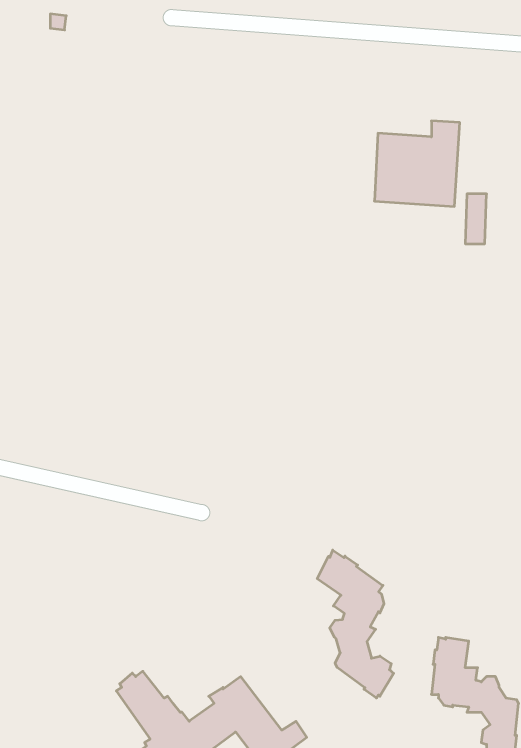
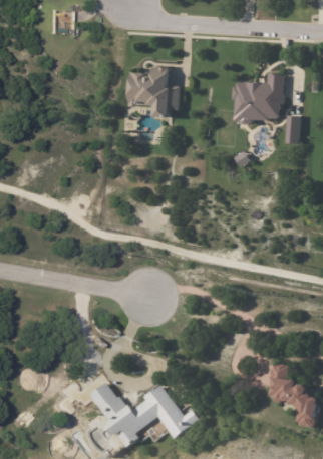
building: none -> [131,66,181,116]
building: [317,550,394,698] -> none

